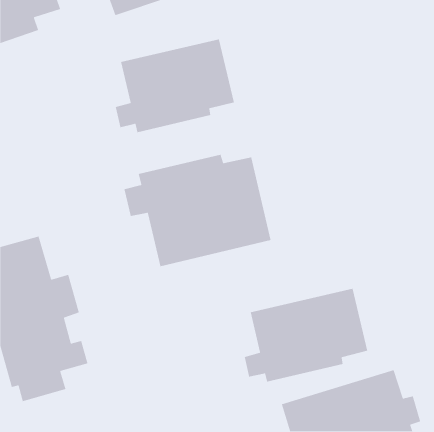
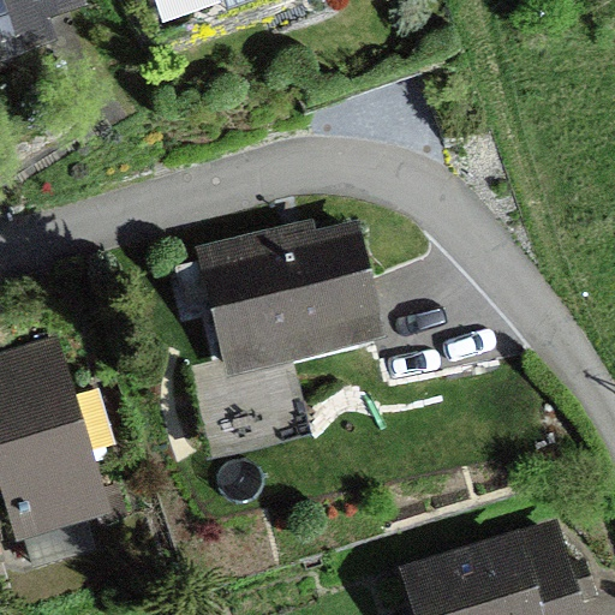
building: [115,38,235,133] -> none
building: [244,288,368,382] -> none

